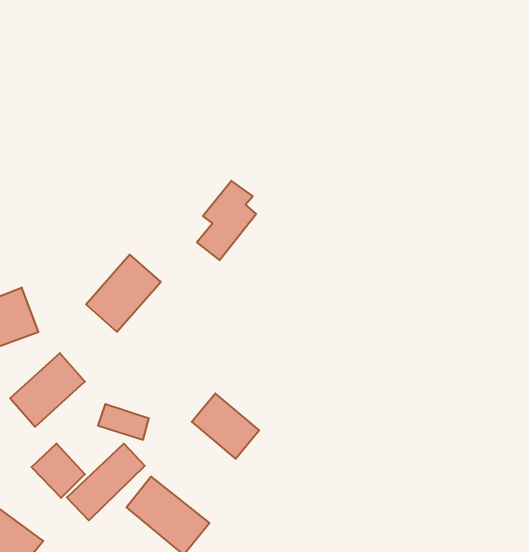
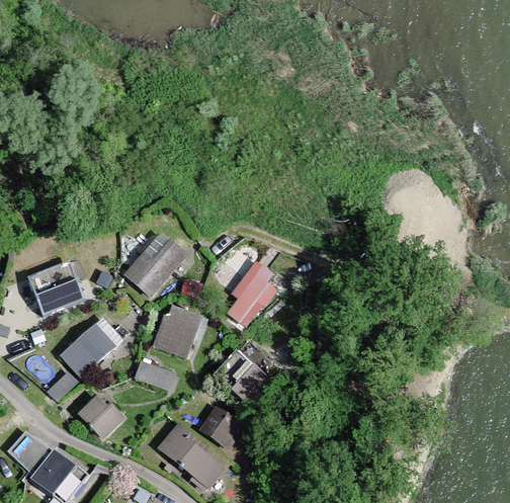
building: [197,181,256,260] -> [226,262,276,330]
building: none -> [154,304,202,358]
building: [67,444,145,520] -> none
building: none -> [198,406,246,452]

